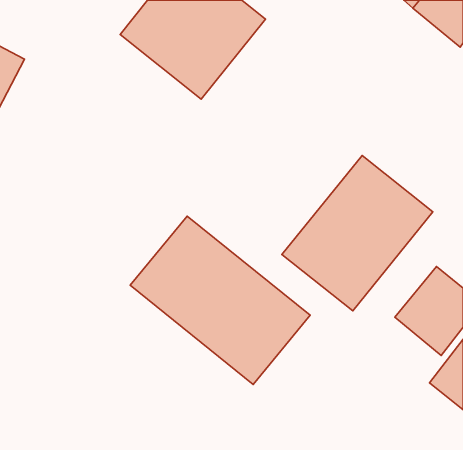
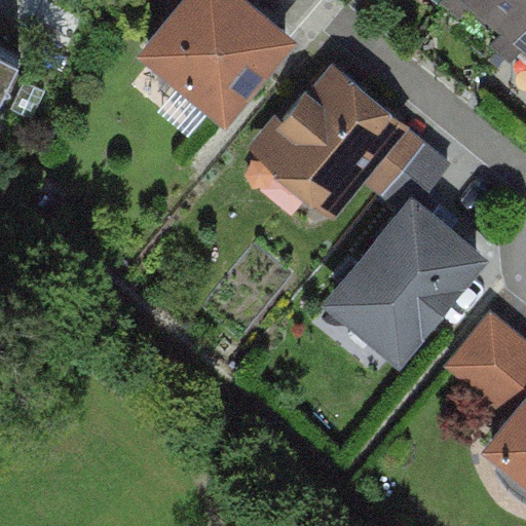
building: none -> [248,58,413,225]
building: [130,216,310,384] -> none

